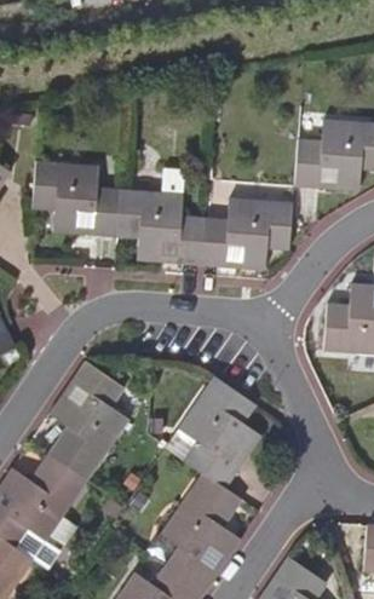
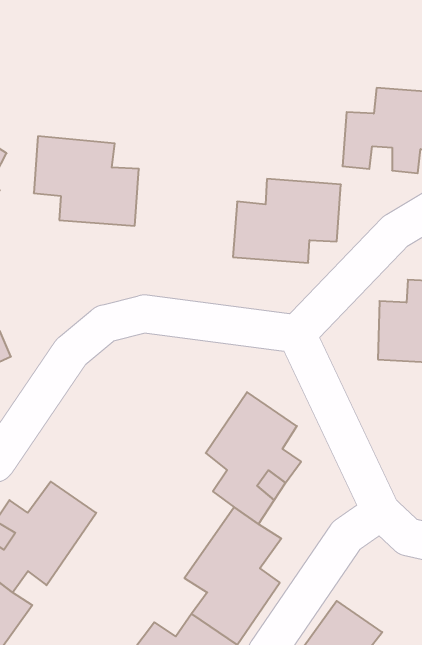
building: [119,186,206,261] -> none
building: [47,359,128,479] -> none

